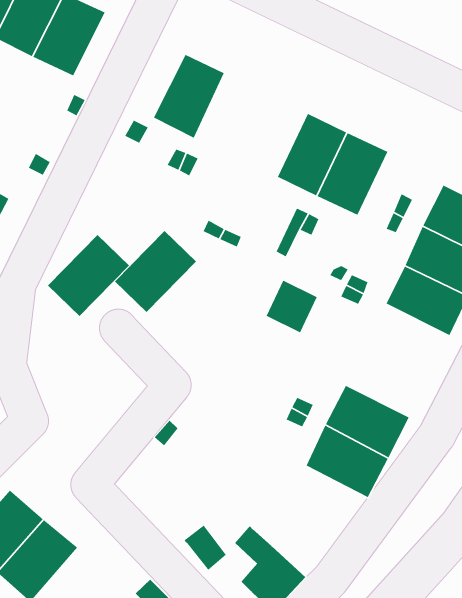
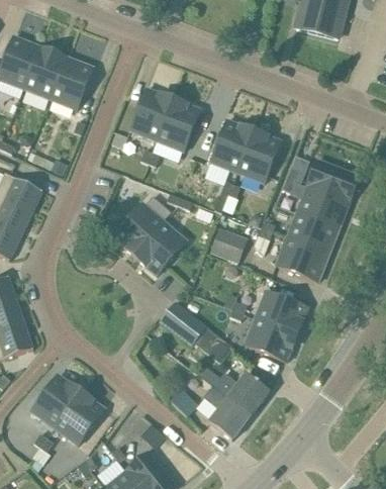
building: none -> [157,98,200,152]
building: [47,234,130,317] -> [135,219,187,273]
building: none -> [276,236,329,280]
building: none -> [160,300,233,362]
building: none -> [196,364,269,413]

